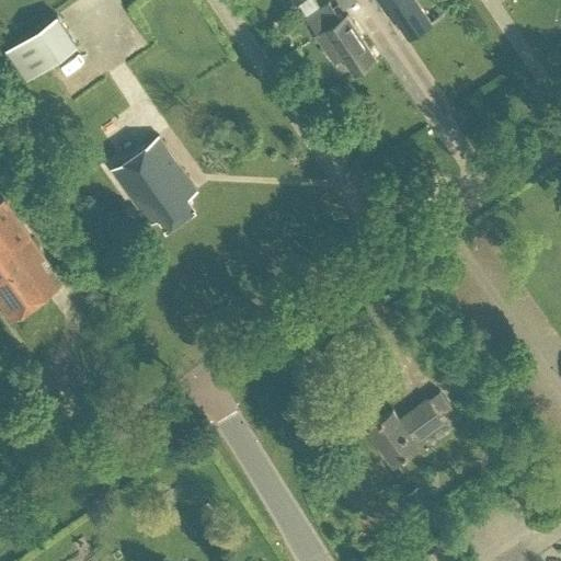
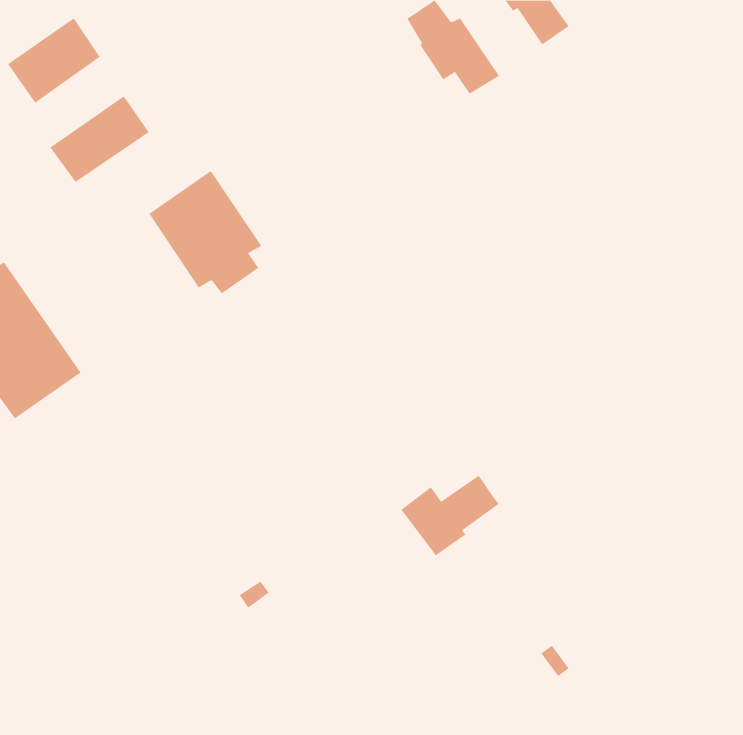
building: none -> [49,95,149,183]
building: [368,404,443,466] -> [401,475,500,556]

